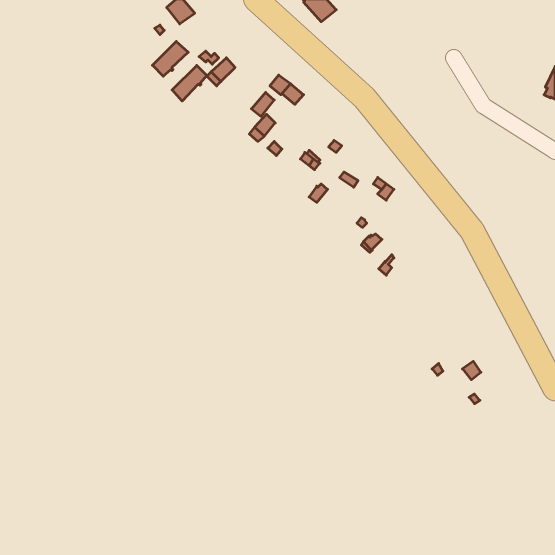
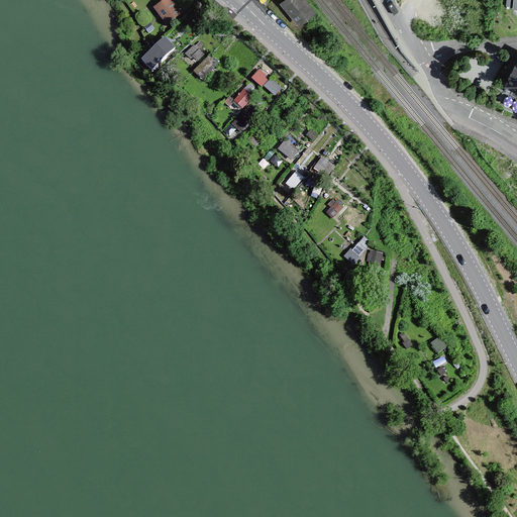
building: [172,65,207,101] -> none

